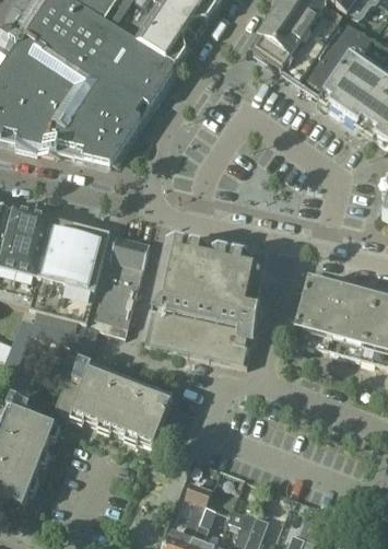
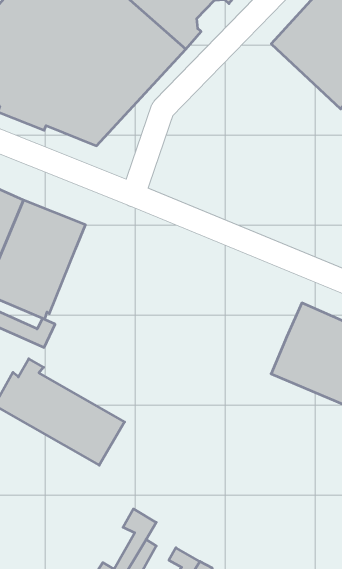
building: [91,234,150,325] -> none
building: [145,241,266,364] -> none

